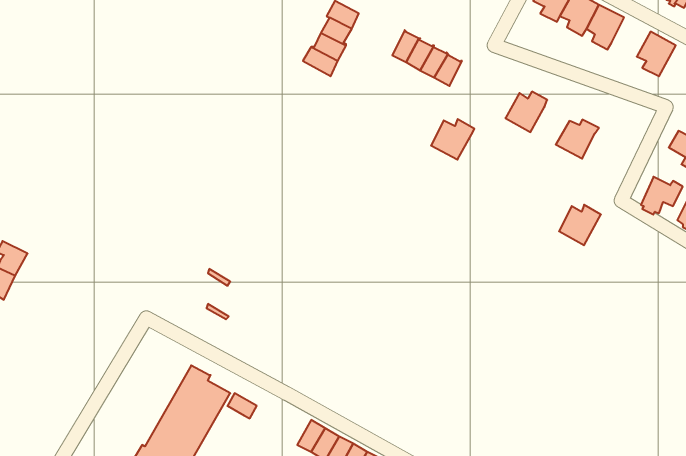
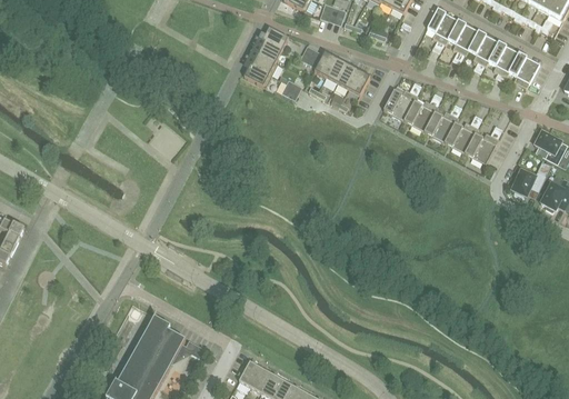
building: none -> [488,40,519,77]
building: none -> [423,110,458,141]
building: [431,119,474,160] -> [382,88,417,120]
building: [559,205,601,245] -> [465,131,498,163]

